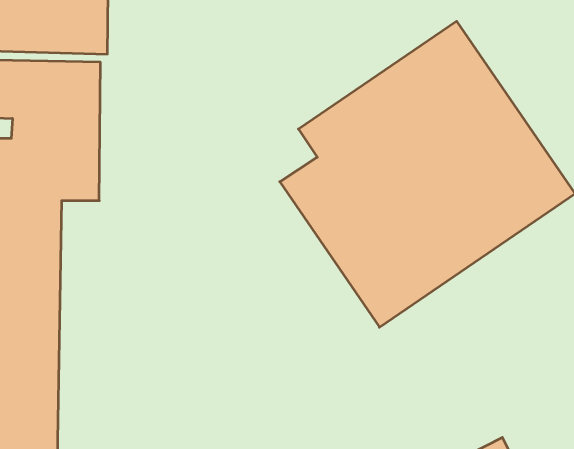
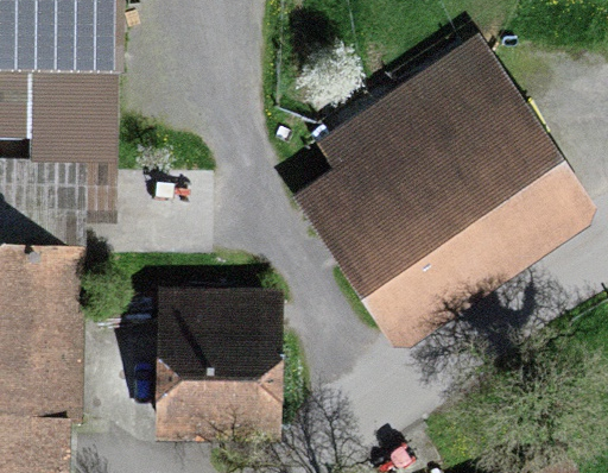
building: none -> [153,286,284,442]

